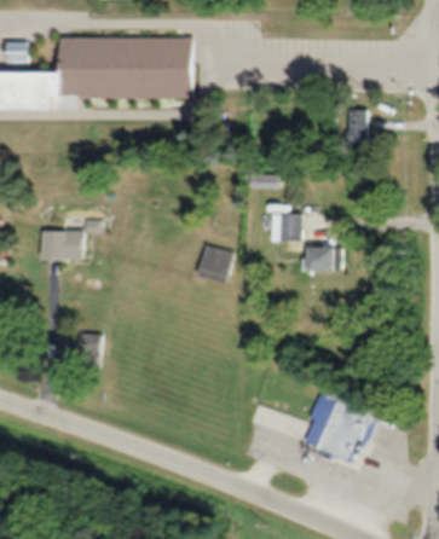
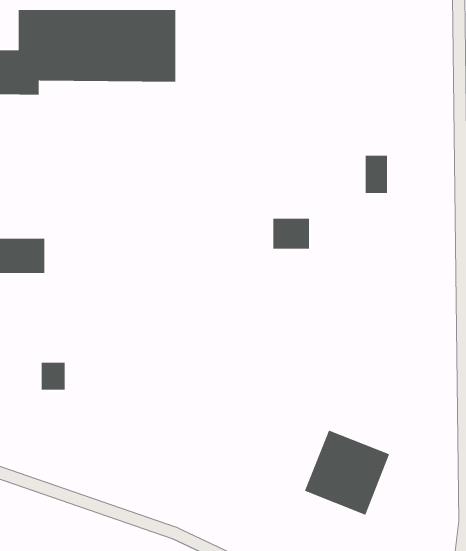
building: [346,109,365,141] -> [365,155,388,194]
building: [196,244,232,282] -> none
building: [304,244,343,270] -> none

